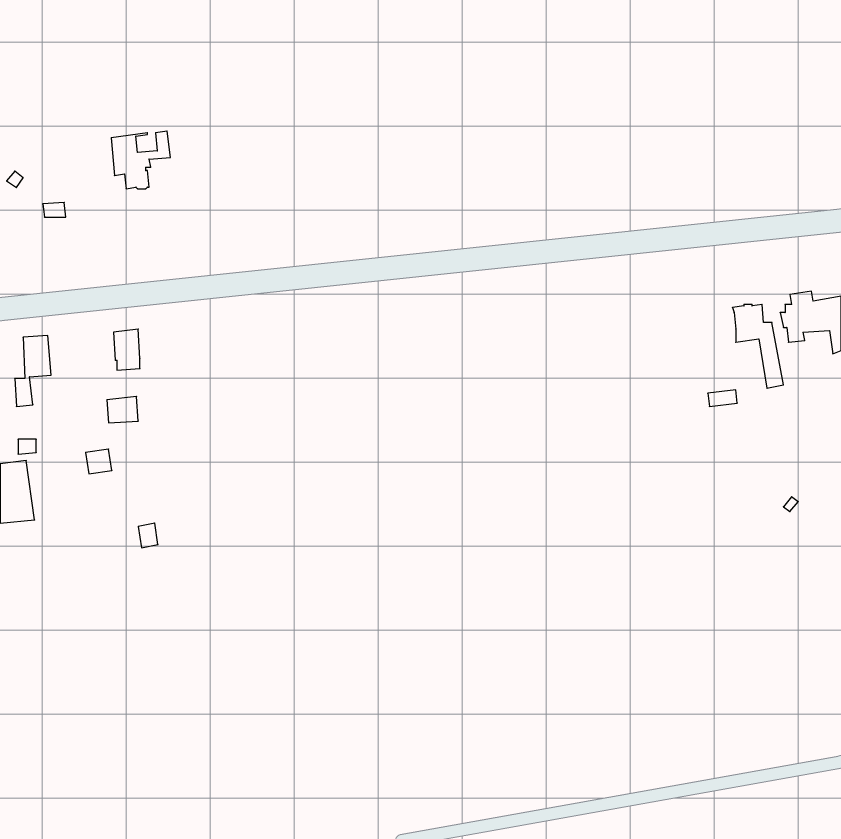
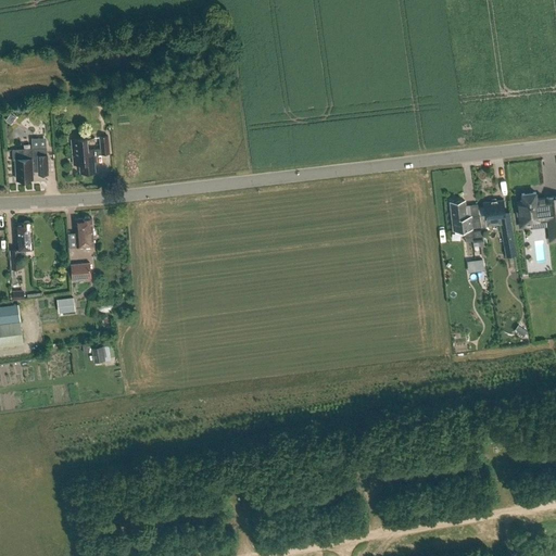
building: [111,131,170,189] -> [71,136,110,174]
building: none -> [12,149,48,180]
building: none -> [450,202,483,243]

